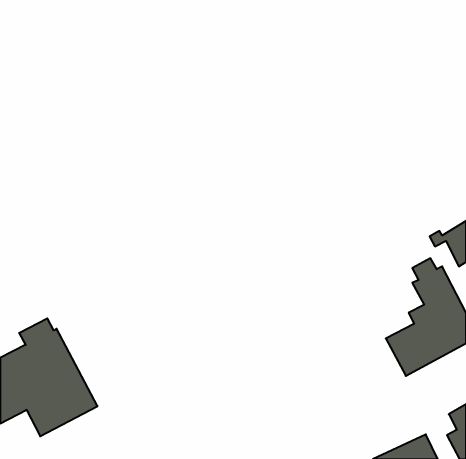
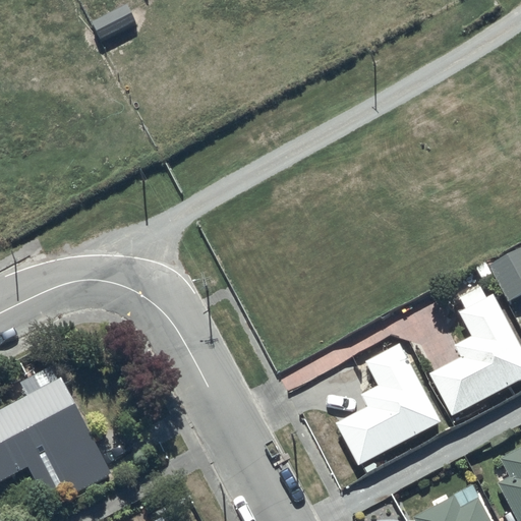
building: none -> [337,345,443,469]

